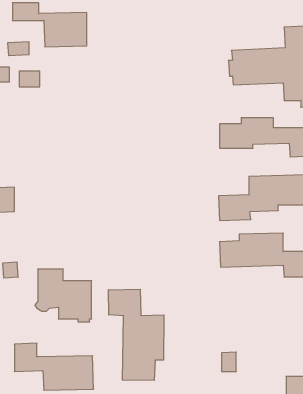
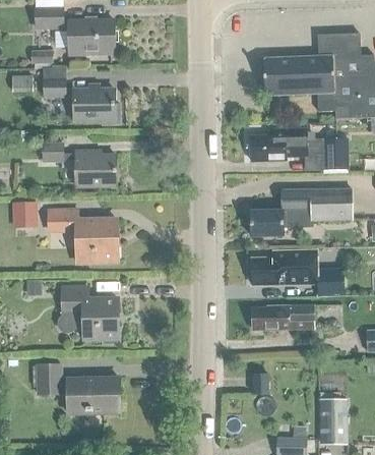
building: none -> [73,90,118,124]
building: none -> [43,144,115,187]
building: none -> [49,210,117,263]
building: none -> [252,305,313,330]
building: [108,289,164,380] -> none

